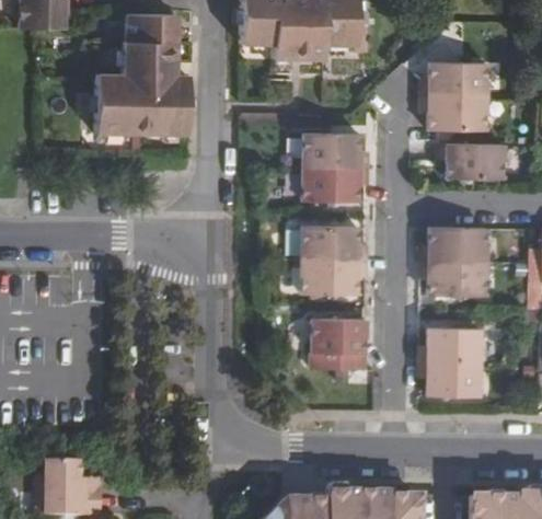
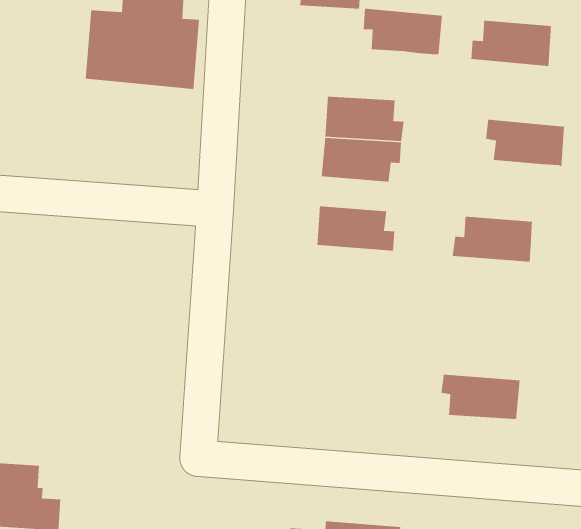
building: [422,95,488,131] -> [363,8,443,55]
building: [300,261,367,297] -> none
building: [416,263,483,298] -> none
building: [311,320,366,371] -> none
building: [415,327,482,364] -> none

